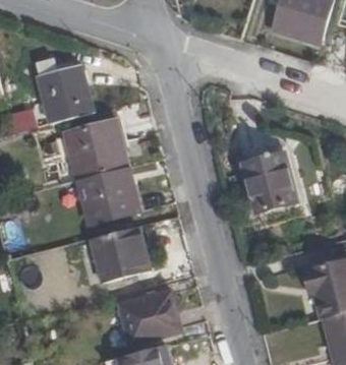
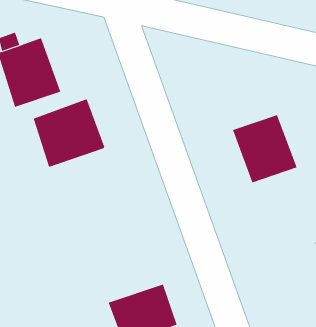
building: [78,166,139,221] -> none
building: [92,226,151,282] -> none

